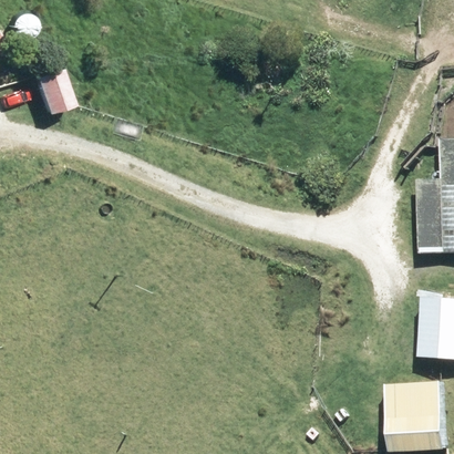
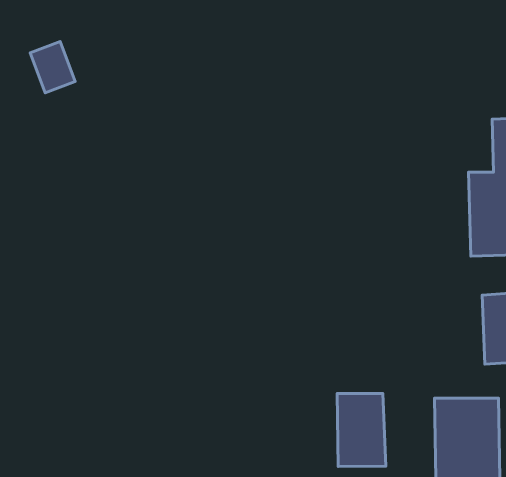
building: none -> [337,393,386,466]

